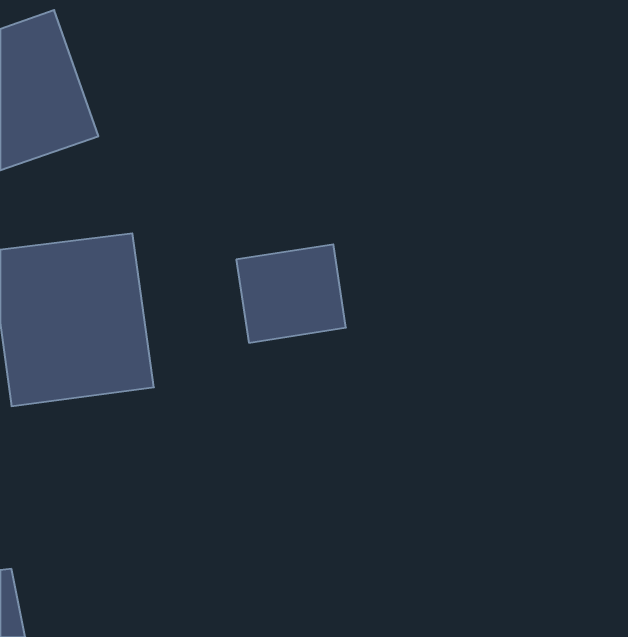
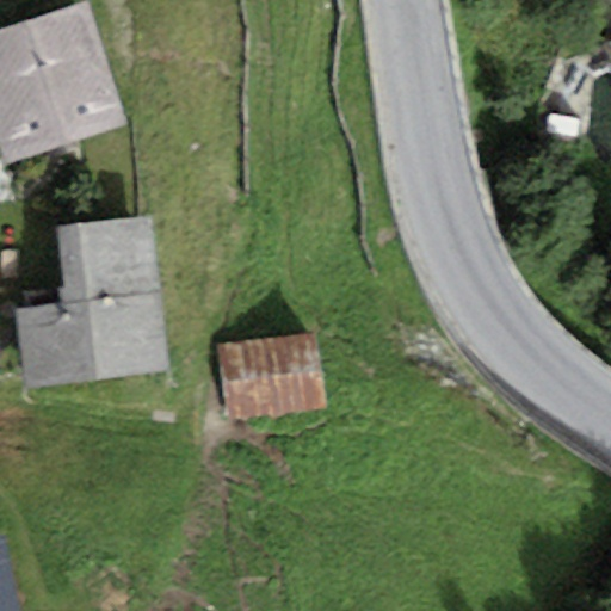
building: [236,244,346,343] -> [229,328,333,421]

